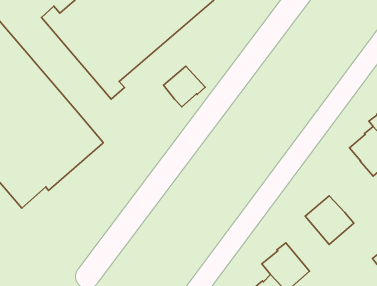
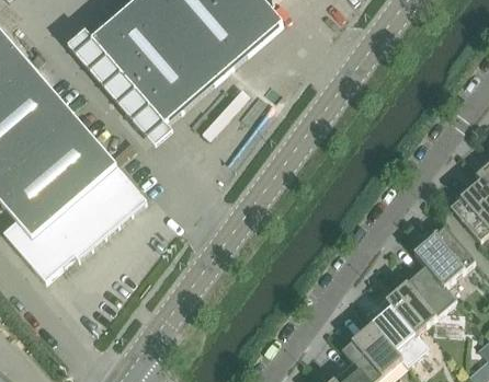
building: [164,66,205,107] -> none
building: none -> [413,225,475,285]
building: none -> [366,289,429,363]

